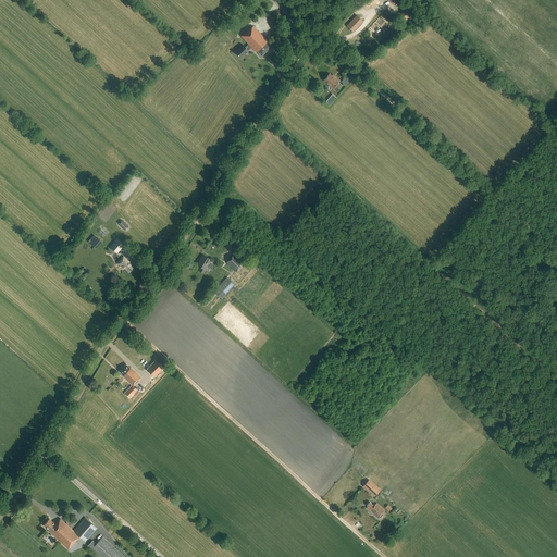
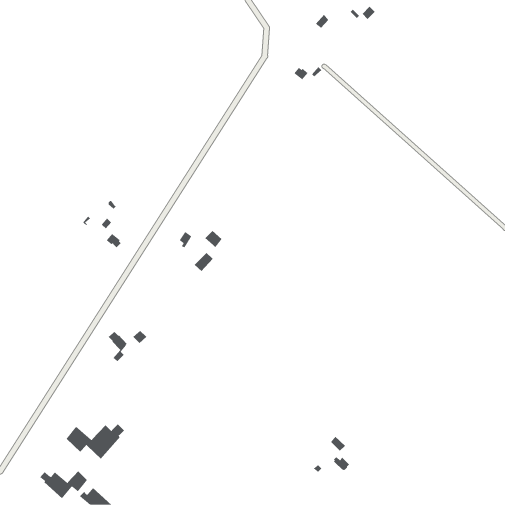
building: [235,26,271,58] -> none
building: none -> [66,424,125,459]

